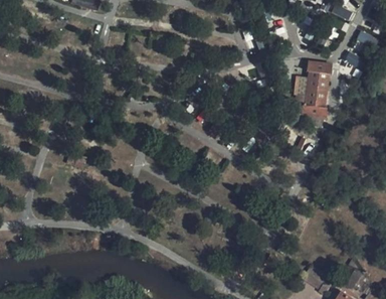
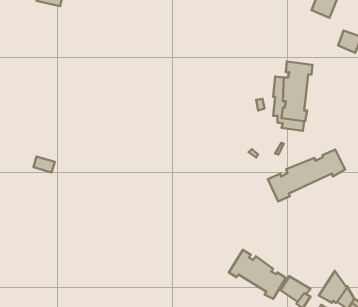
building: none -> [268,149,345,202]
building: none -> [229,250,286,299]

